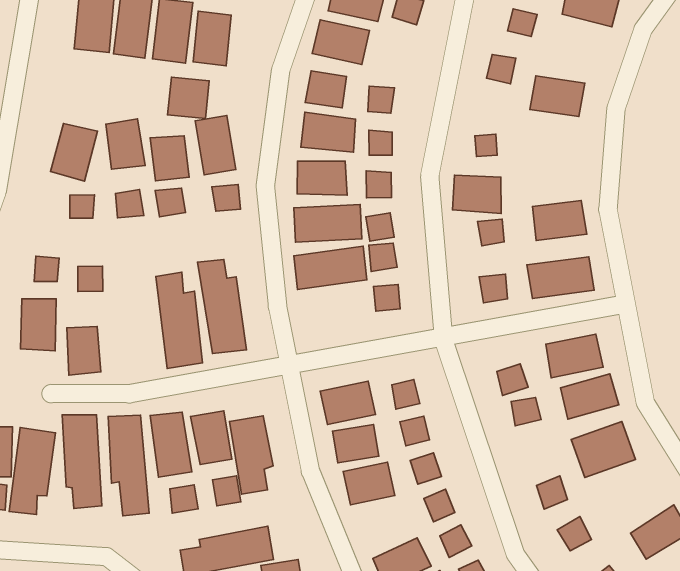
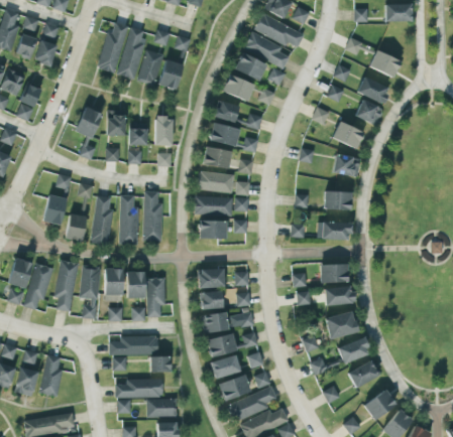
building: none -> [354,100,382,126]
building: [168,77,209,119] -> none
building: [453,175,501,213] -> [332,154,360,178]
building: none -> [90,195,114,246]
building: none -> [199,221,226,239]
building: none -> [337,337,371,363]
building: none -> [206,334,236,356]

